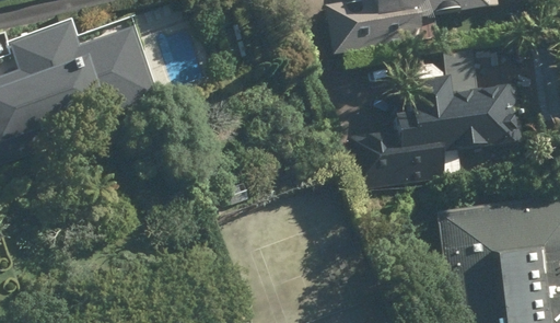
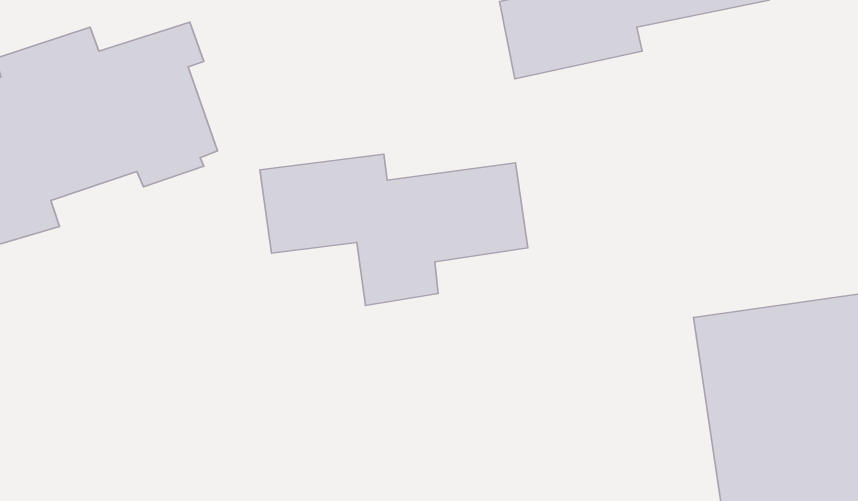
building: [353,81,520,182] -> none
building: none -> [260,154,528,305]

